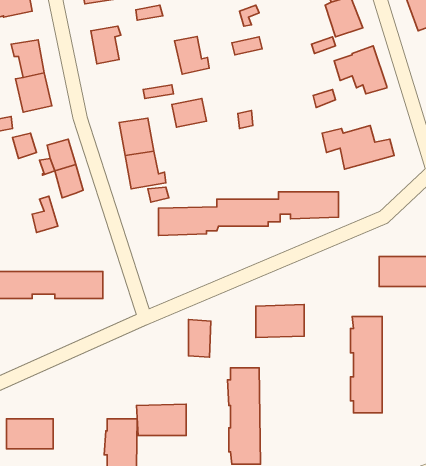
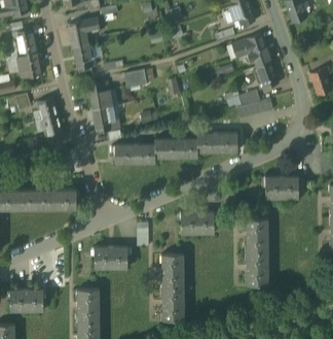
building: [175,36,209,74] -> [72,43,96,69]
building: none -> [256,63,278,91]
building: [137,404,186,436] -> [94,246,127,268]

